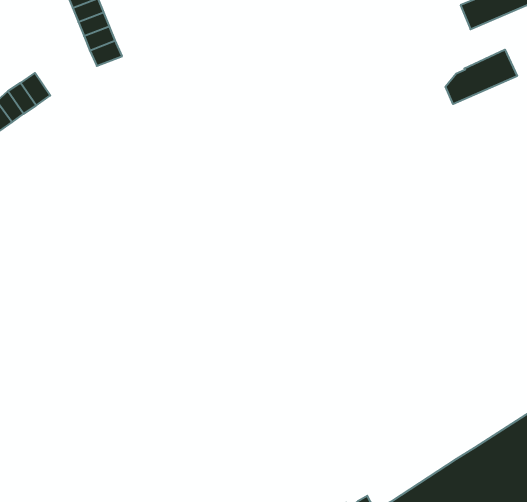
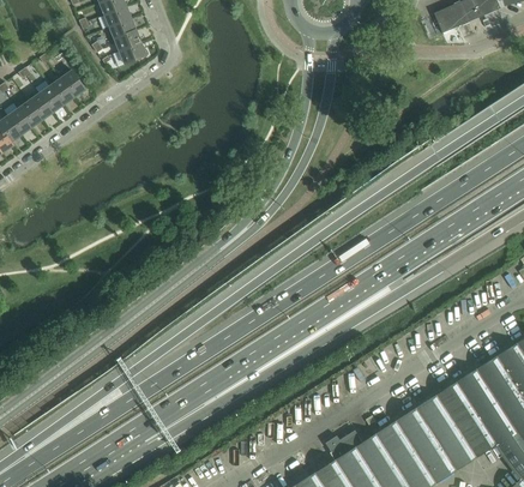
building: [446,50,517,104] -> none

